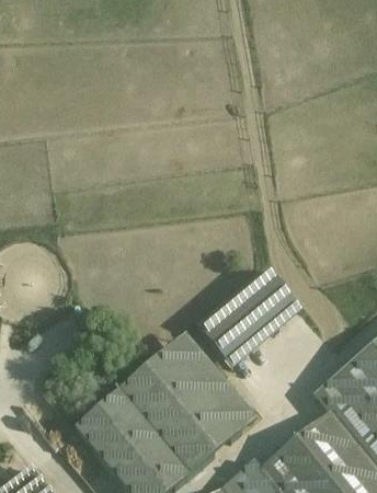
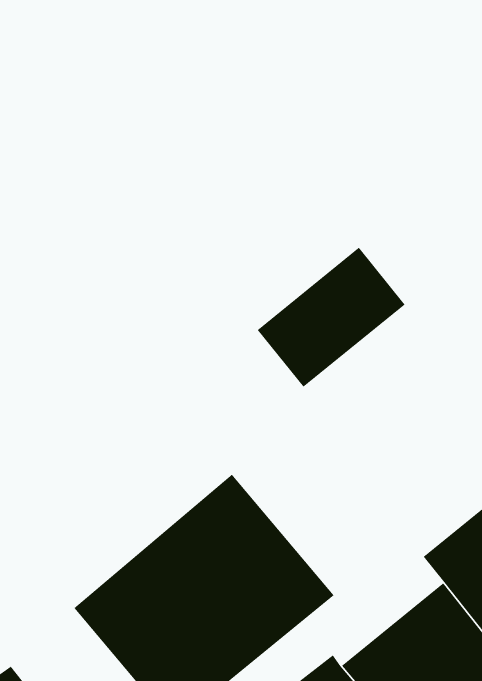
building: [199,264,301,360] -> [257,247,406,388]

